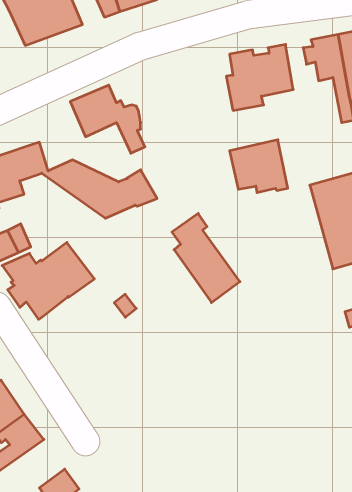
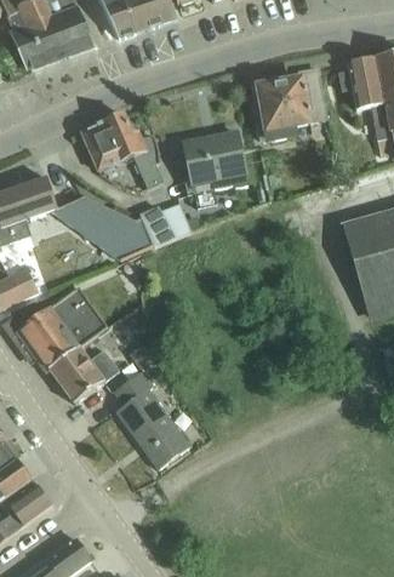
building: [230,140,288,193] -> [182,130,246,188]
building: [172,213,240,303] -> [113,371,188,469]
building: none -> [48,345,116,402]

